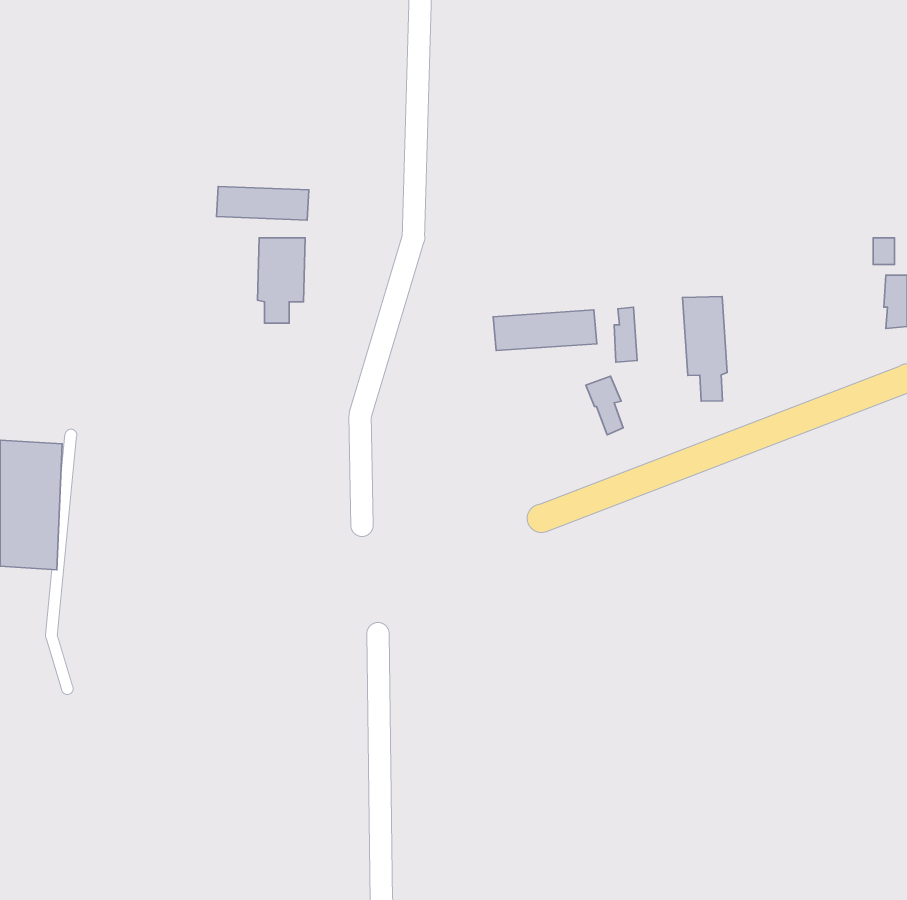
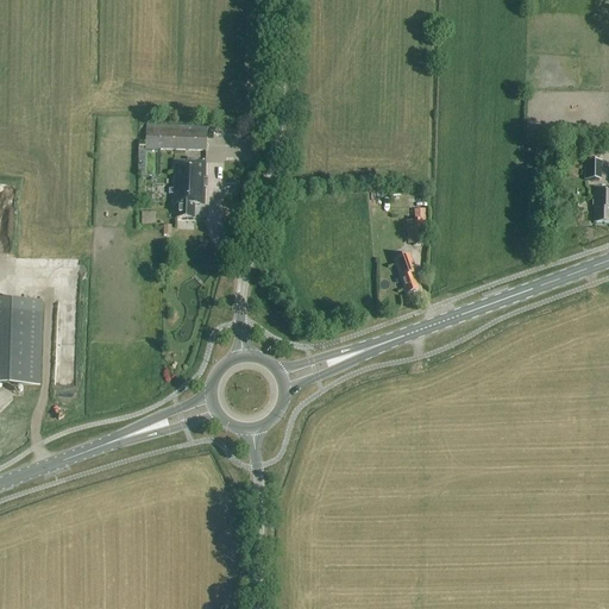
building: [683,296,727,401] -> none
building: [493,310,597,350] -> none

